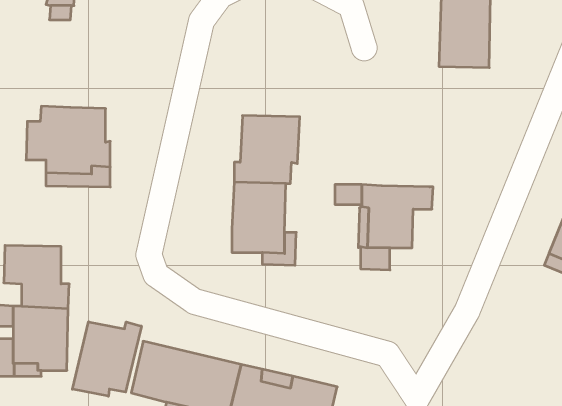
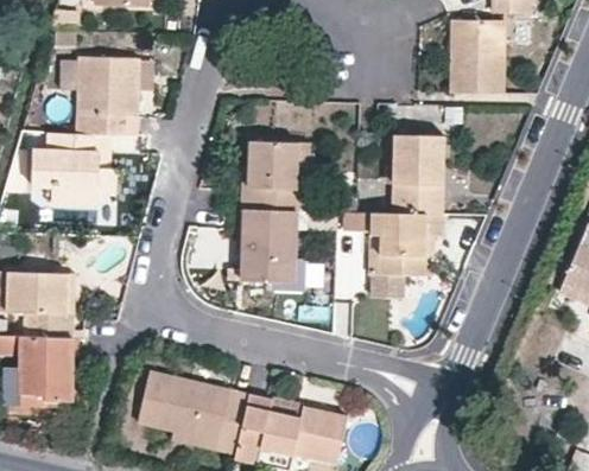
building: none -> [76,56,139,133]
building: none -> [392,134,442,212]
building: [72,322,141,396] -> none

